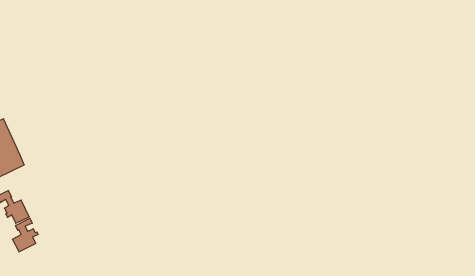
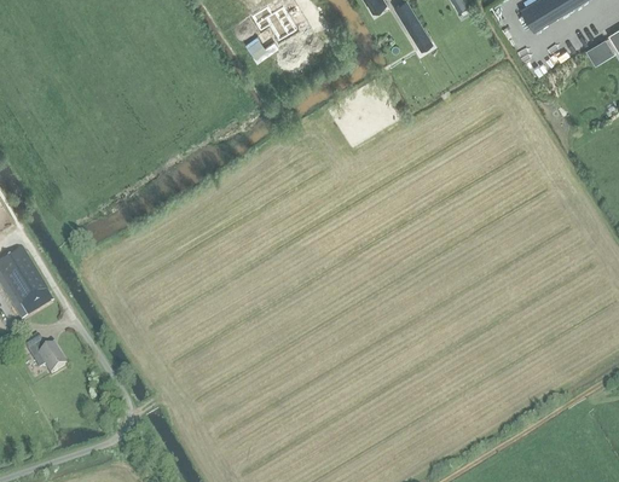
building: [12,218,38,252] -> none

